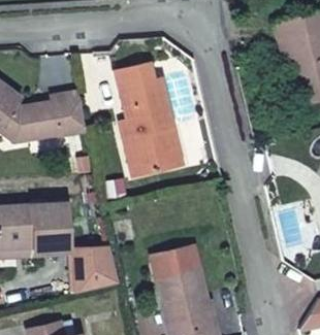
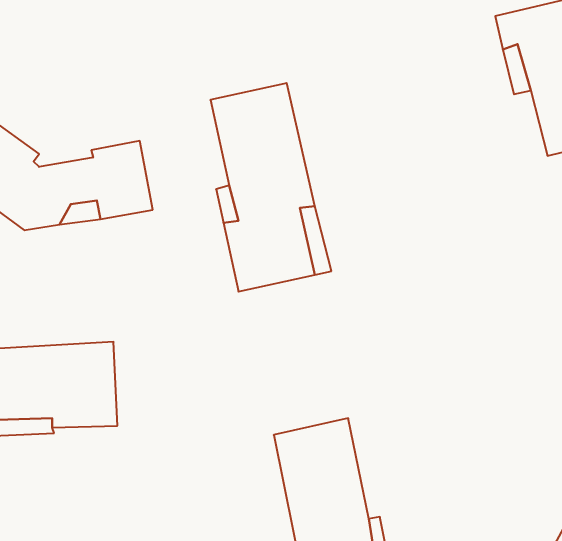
building: [73,243,119,293] -> none

